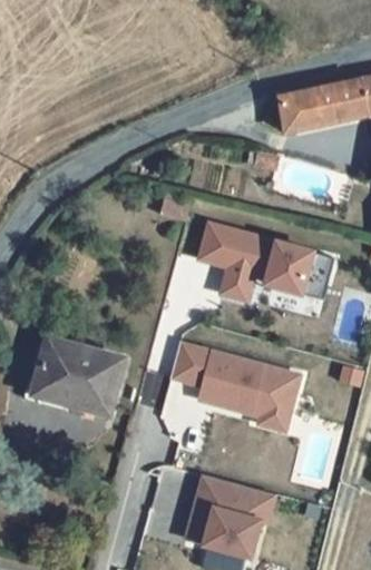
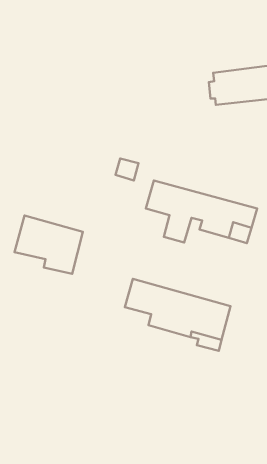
building: [35,343,118,414] -> [15,216,83,274]
building: [187,480,276,563] -> none

